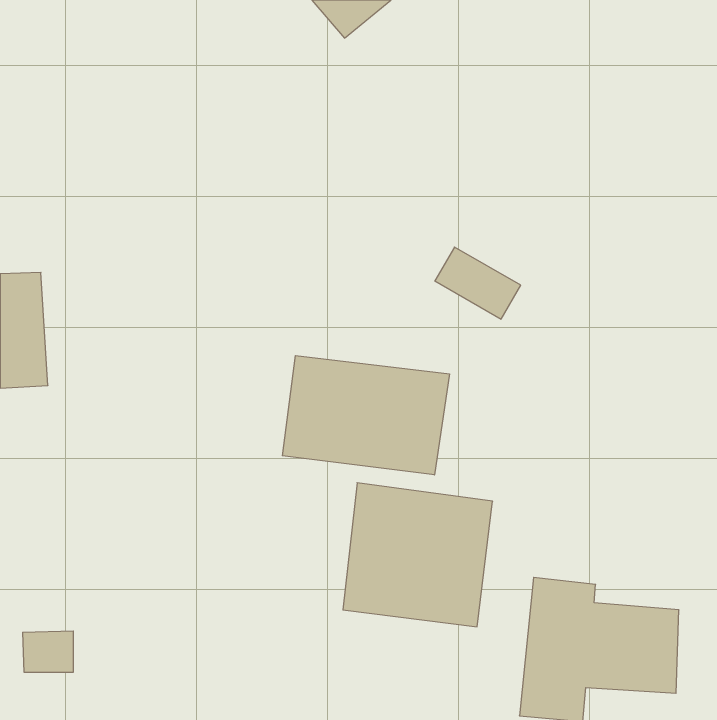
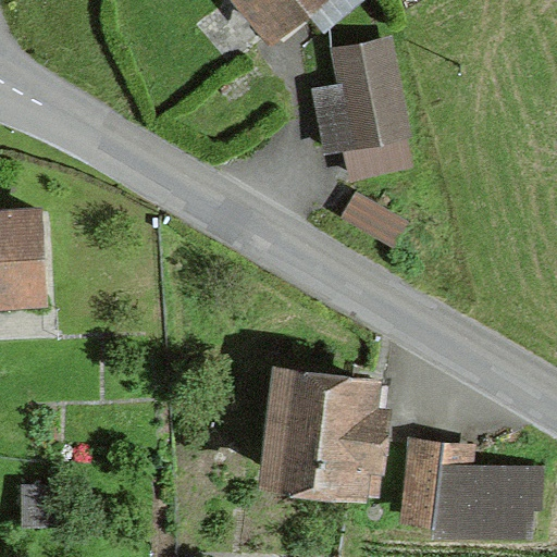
building: none -> [336,42,399,138]
building: [282,356,449,475] -> none

